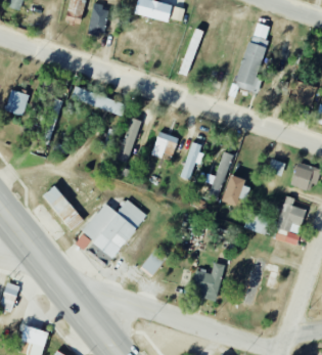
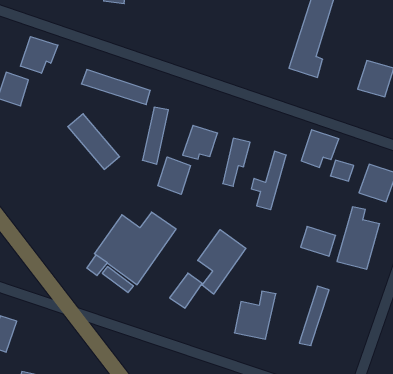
building: none -> [20,37,58,73]
building: none -> [158,157,191,194]
building: [221,176,250,206] -> [301,130,339,167]
building: [41,185,82,229] -> [68,114,120,169]
building: none -> [198,230,246,294]

